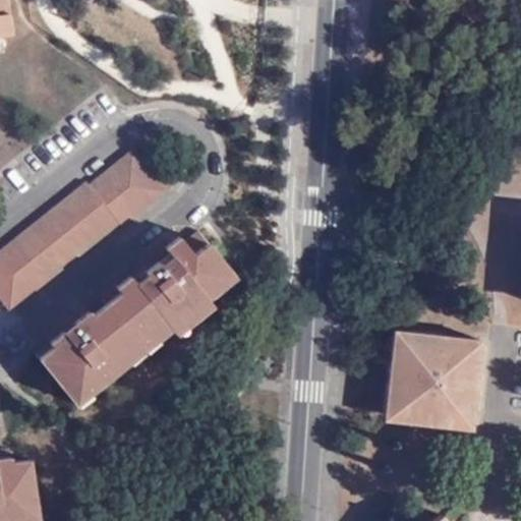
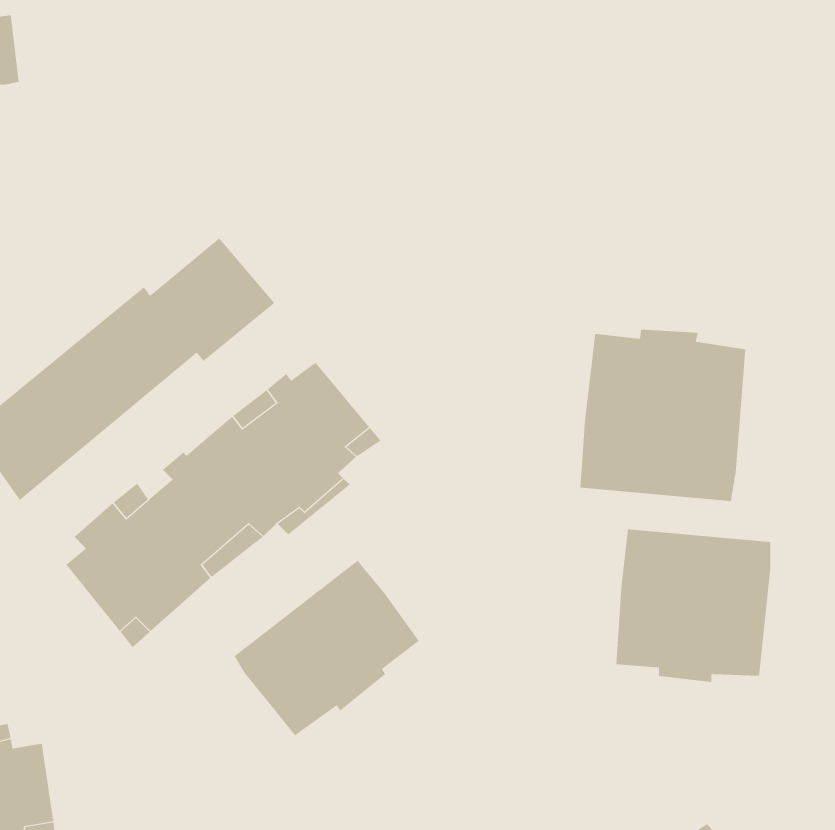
building: none -> [580,329,746,502]
building: none -> [234,560,419,736]

